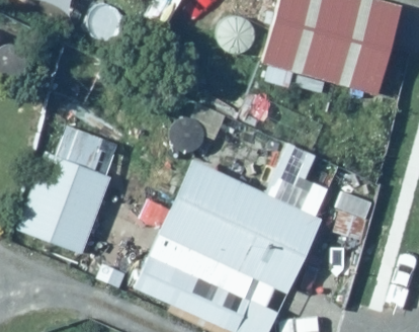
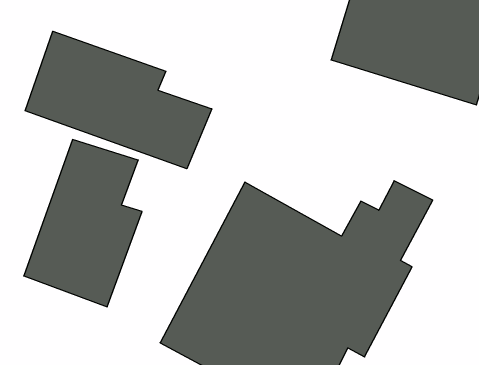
building: none -> [25,31,212,169]

